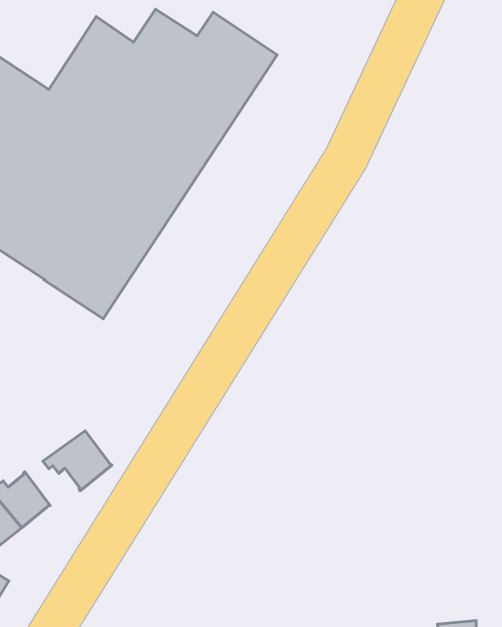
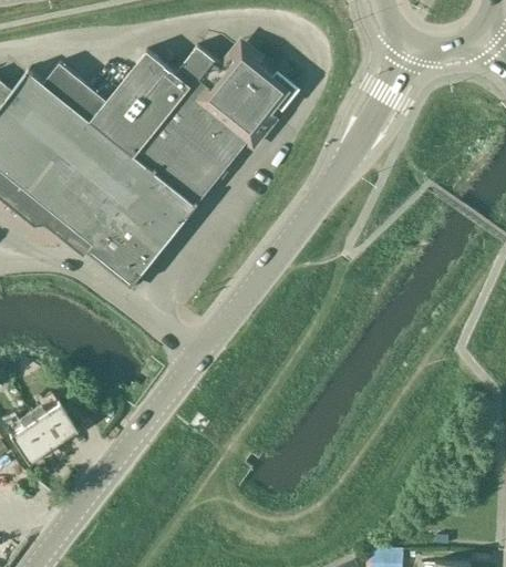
building: [43,431,112,491] -> none

